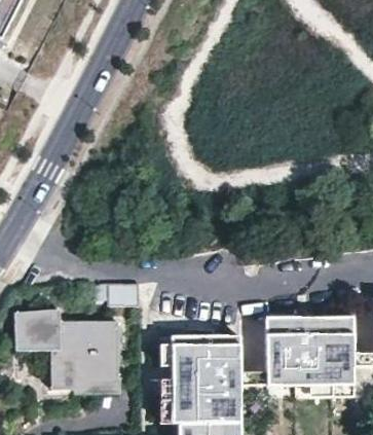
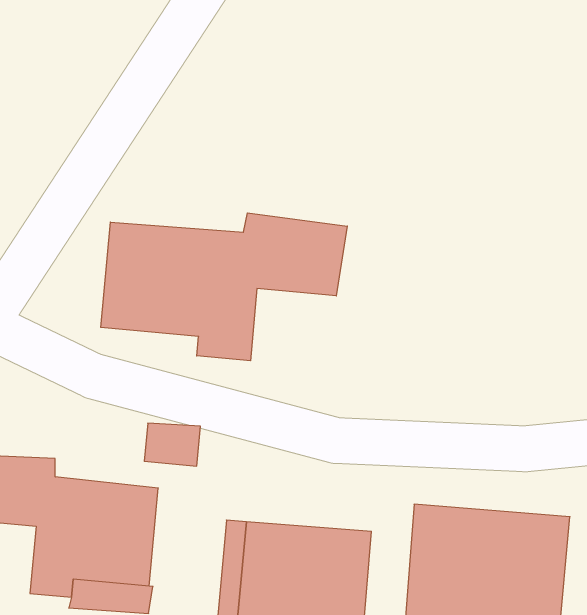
building: none -> [101,213,347,361]

